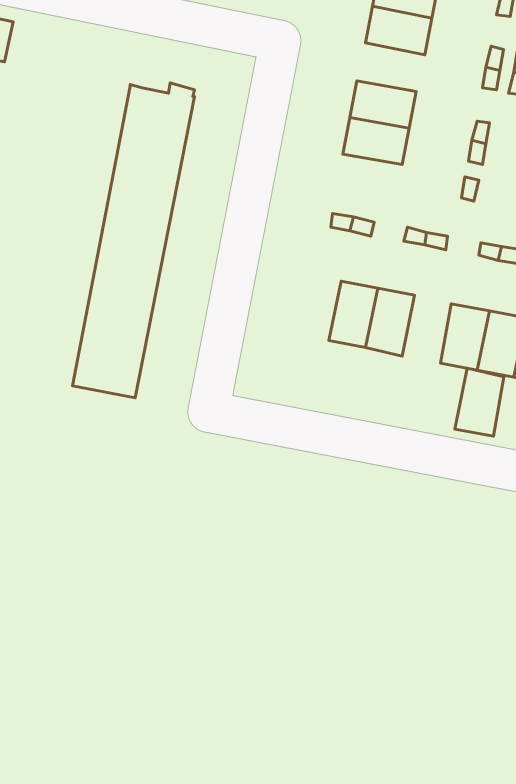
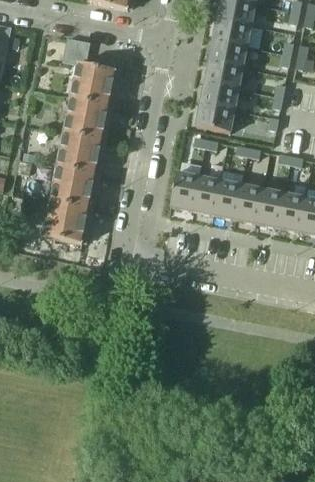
building: none -> [62,38,90,65]
building: none -> [208,39,247,67]
building: none -> [196,103,234,132]
building: none -> [170,172,199,210]
building: [455,368,504,436] -> [234,184,262,223]

